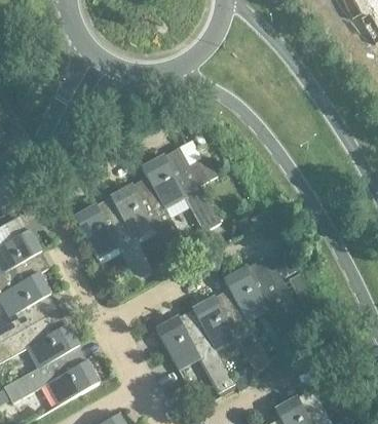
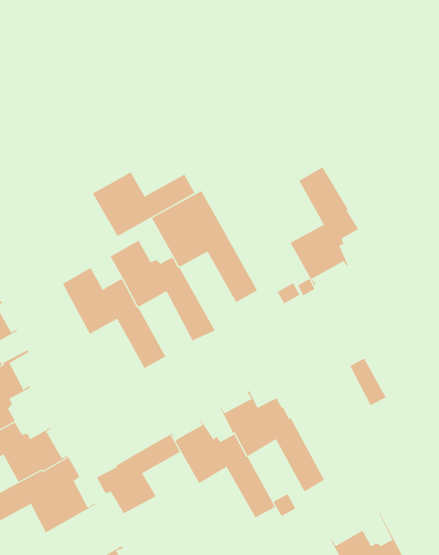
building: none -> [290,167,359,286]
building: none -> [92,171,195,237]
building: [222,257,302,341] -> none
building: none -> [96,434,180,517]

